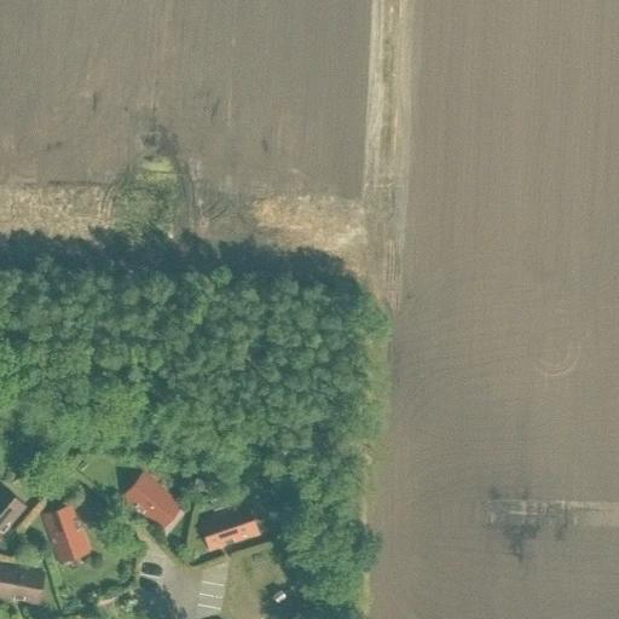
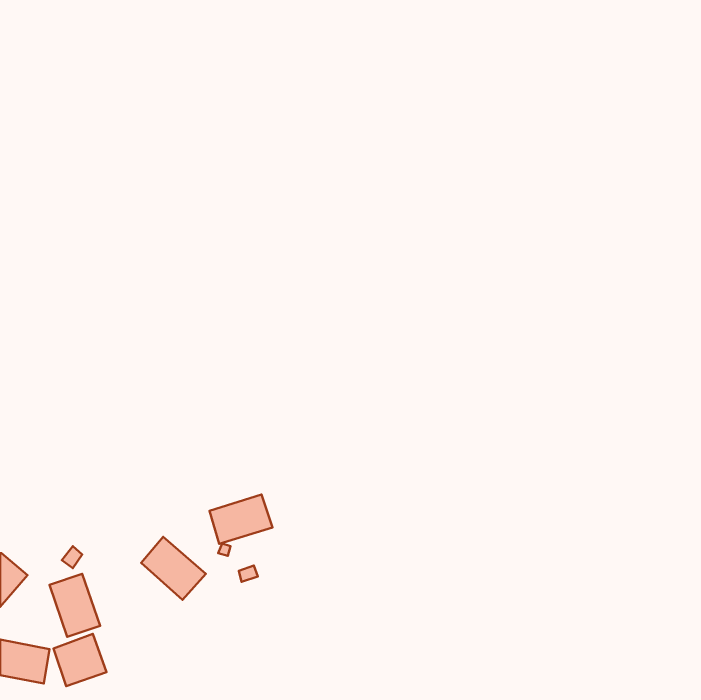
building: [202,505,258,549] -> [209,494,273,544]
building: none -> [54,634,106,686]

